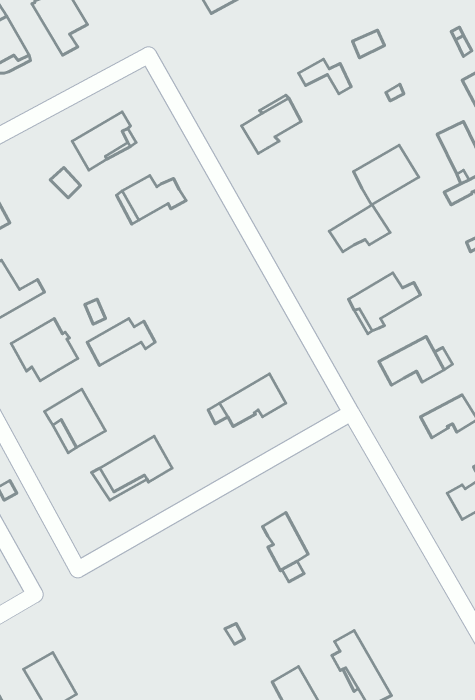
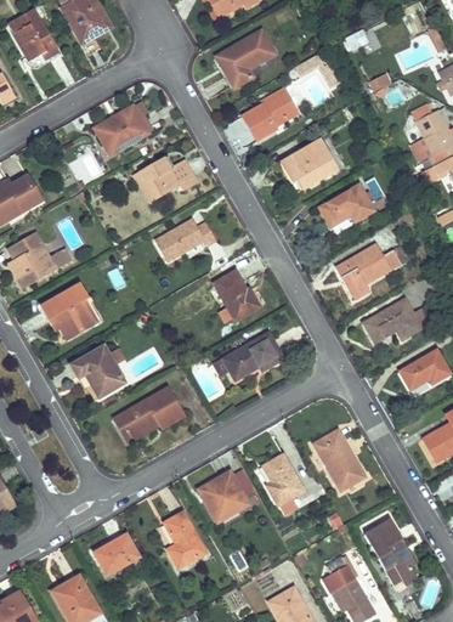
building: none -> [217,29,276,86]
building: [353,145,419,205] -> [281,138,338,191]
building: none -> [215,271,266,320]
building: [87,318,155,366] -> [157,220,216,261]
building: none -> [313,429,366,491]
building: none -> [199,471,249,521]
building: none -> [164,511,206,567]
building: none -> [364,519,418,589]
building: none -> [95,536,138,575]

